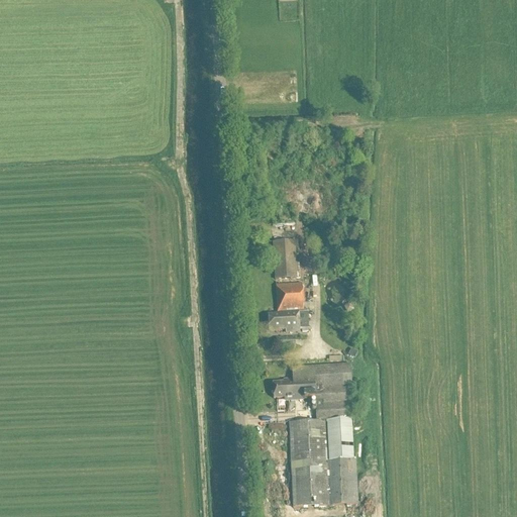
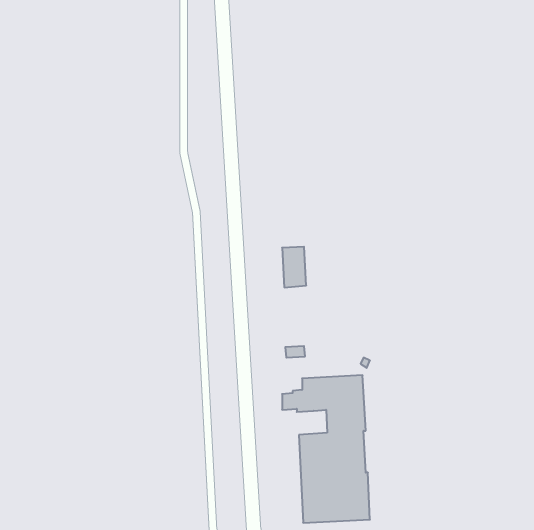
building: [269,281,303,329] -> none

